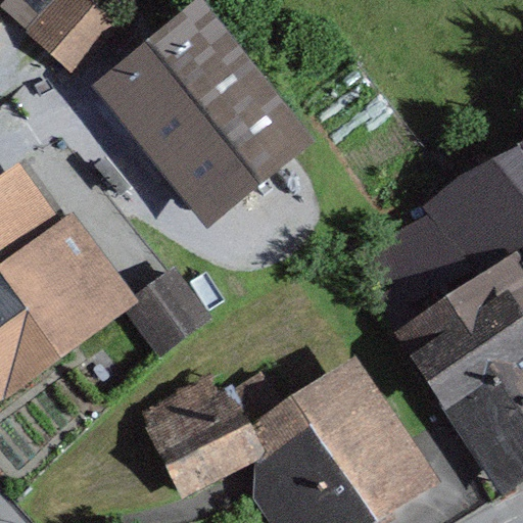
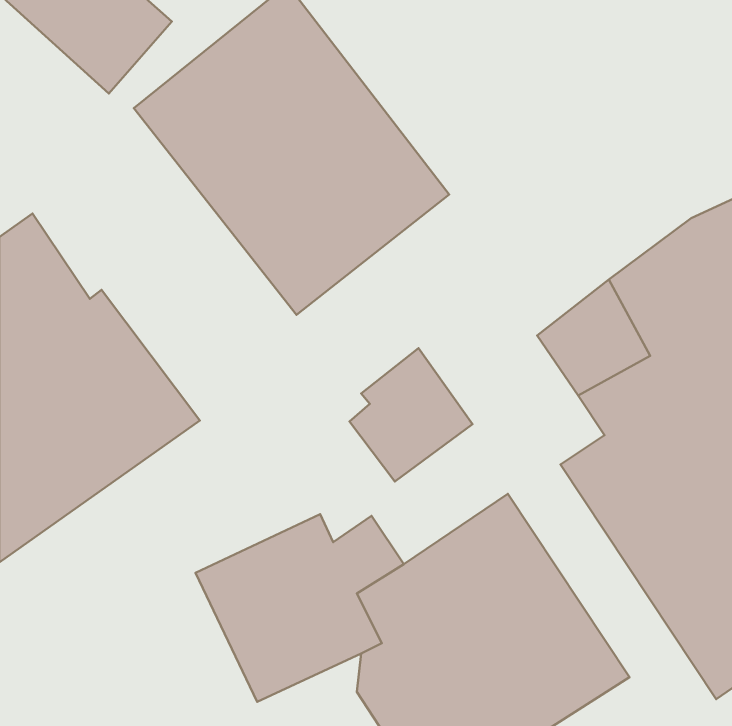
building: [127,264,212,356] -> [349,348,473,481]

